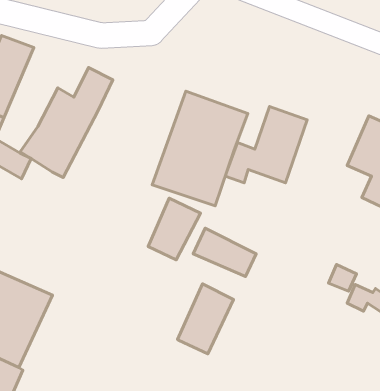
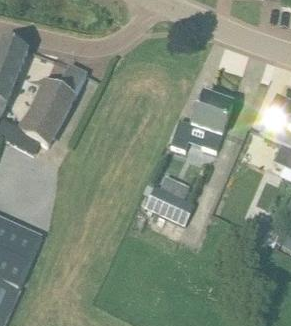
building: [152,91,248,206] -> none
building: [148,198,201,260] -> none
building: [178,284,234,354] -> none

